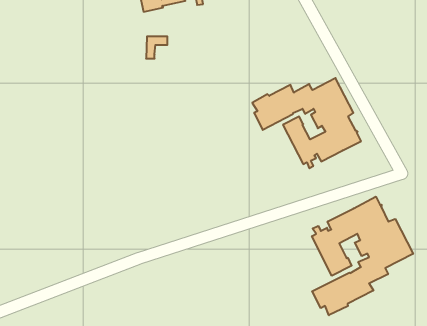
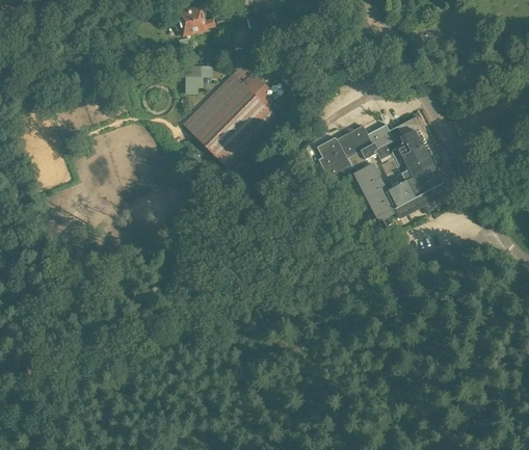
building: none -> [182,62,283,164]
building: [312,197,413,315] -> none

